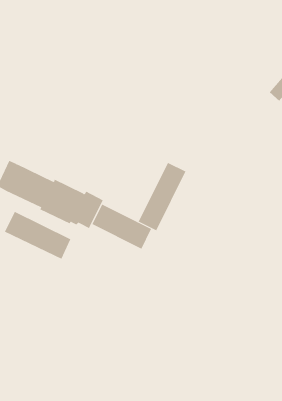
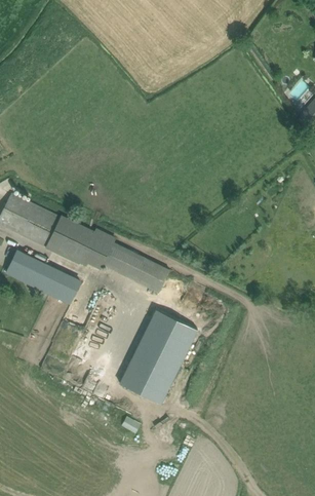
building: [138,162,186,231] -> none
building: none -> [120,309,198,404]

